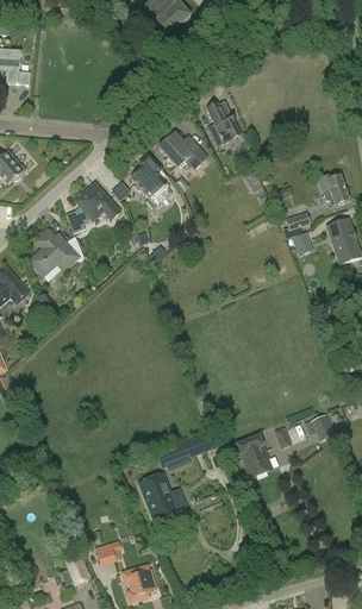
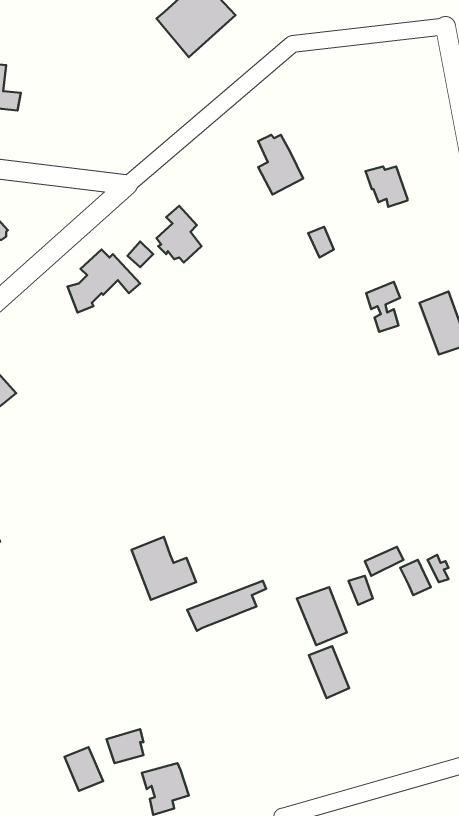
building: [160,133,205,169] -> none
building: [317,174,348,203] -> [365,166,407,207]
building: [29,230,83,275] -> none
building: [138,472,186,519] -> [131,537,196,600]
building: none -> [309,646,349,698]

